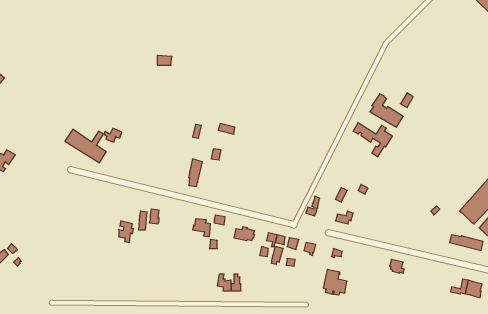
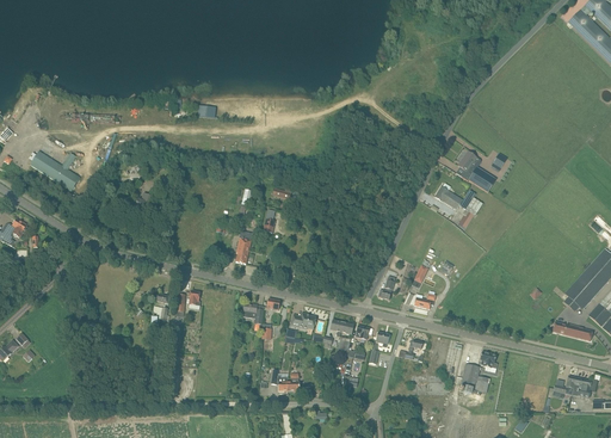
building: [65,129,106,163] -> [30,150,80,191]
building: [323,269,347,295] -> [461,364,489,395]

